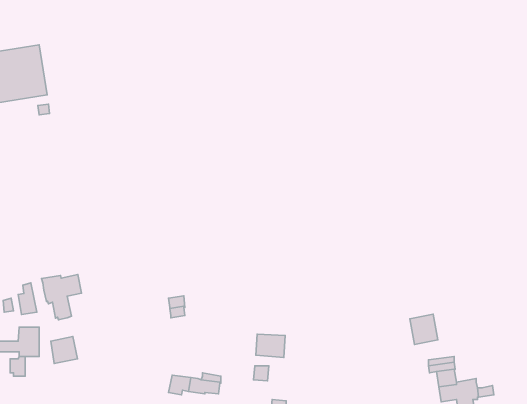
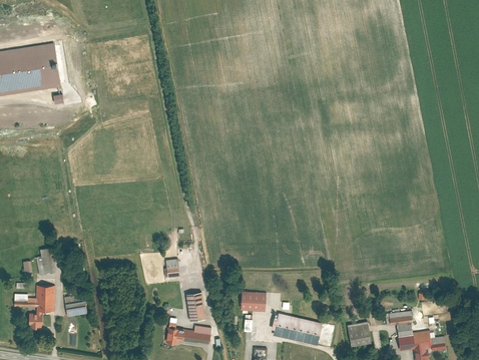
building: [41,274,82,320] -> none
building: [410,314,438,345] -> [347,321,371,347]
building: none -> [185,292,205,321]
building: none -> [271,313,322,345]

